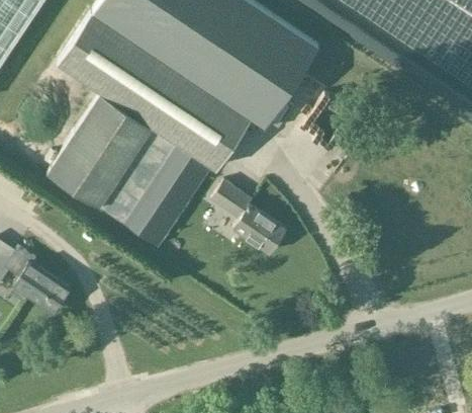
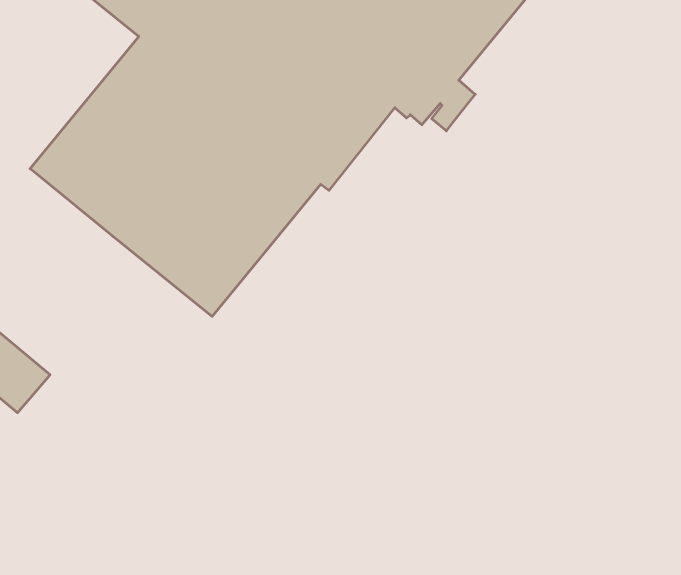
building: [209,179,284,253] -> none

